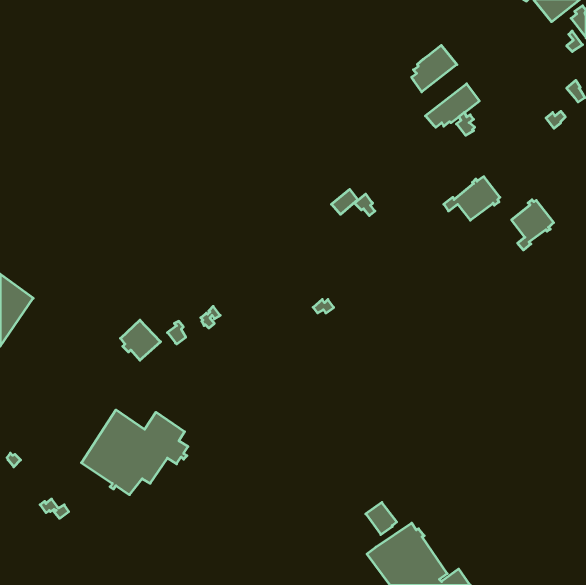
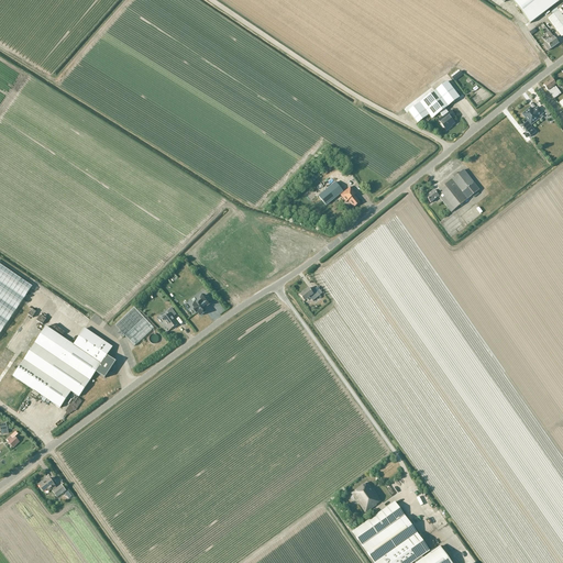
building: [412,45,457,92] -> none
building: [512,200,554,250] -> none
building: [81,410,188,495] -> [13,325,115,407]

